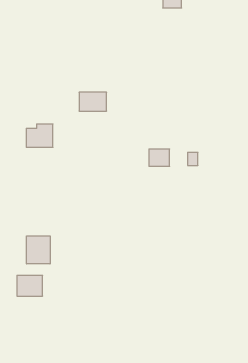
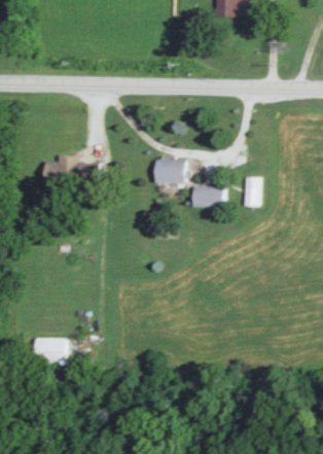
building: [79,92,107,111] -> [158,160,191,182]
building: [27,236,50,264] -> none

